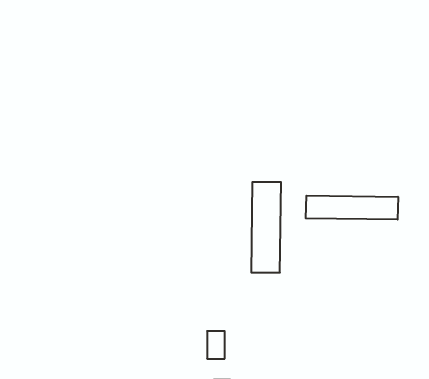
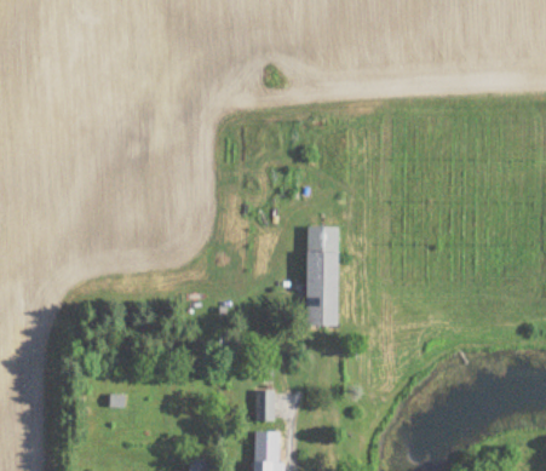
building: [306,196,398,220] -> none

